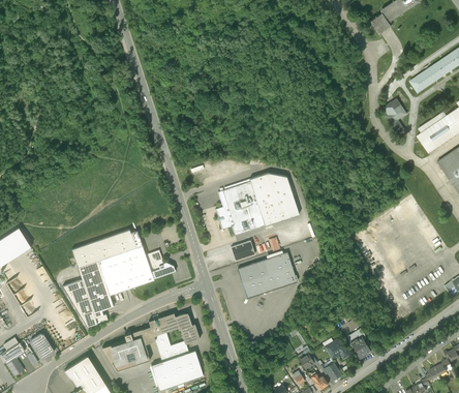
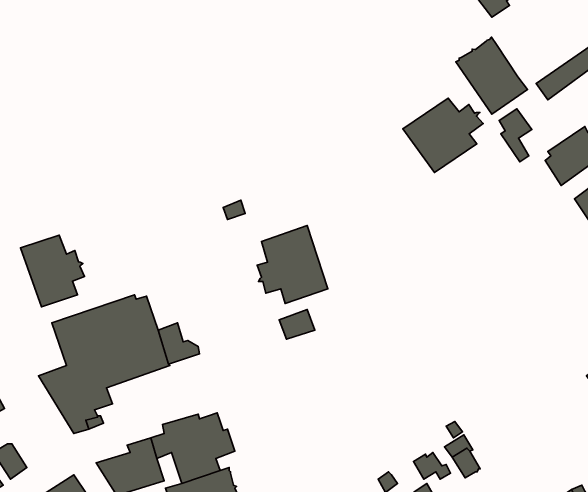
building: none -> [456,37,528,114]
building: none -> [403,98,483,173]
building: [249,173,299,225] -> none
building: none -> [21,235,84,307]
building: [238,252,297,298] -> none

